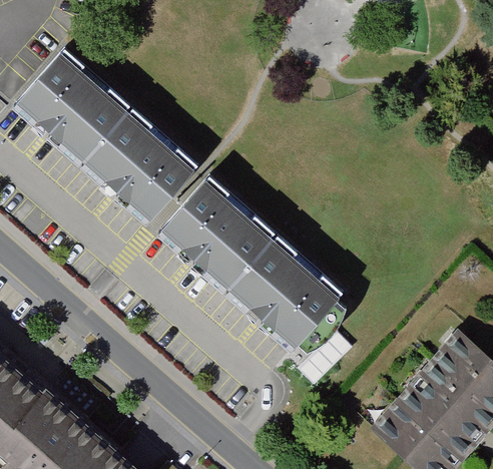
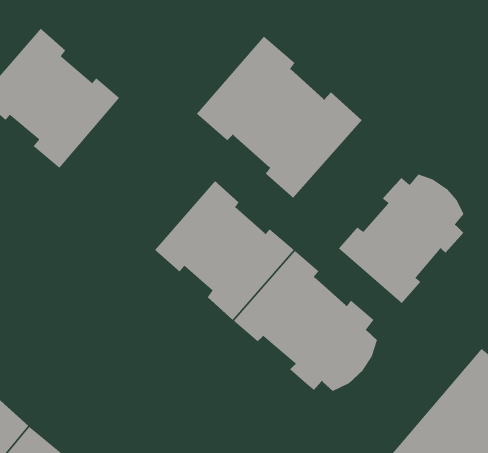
building: none -> [196,35,363,199]
building: [77,105,202,230] -> none
building: none -> [338,174,465,304]

